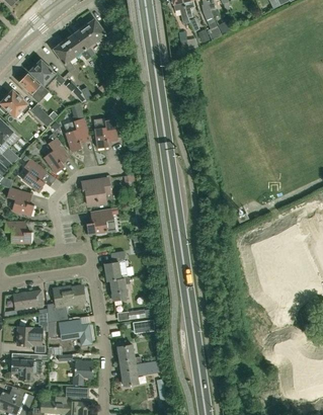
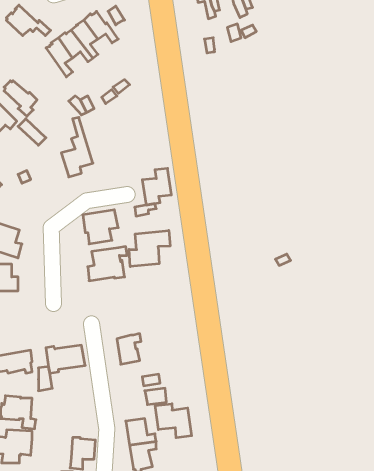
building: [30,59,66,83] -> [6,5,51,36]
building: [95,118,118,148] -> [142,168,171,205]
building: [45,133,70,172] -> none
building: [22,155,48,191] -> none
building: none -> [129,230,170,267]
building: [104,250,128,280] -> none
building: [59,319,92,344] -> none
building: none -> [155,404,192,438]

